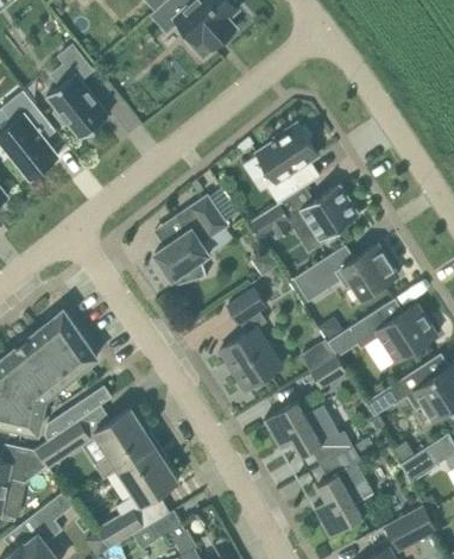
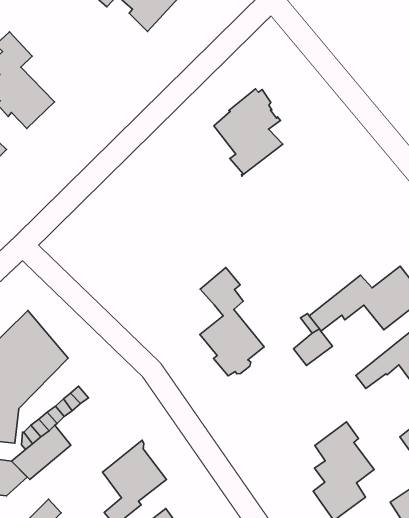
building: [248,184,359,243] -> none
building: [153,194,228,284] -> none
building: [292,244,398,301] -> none
building: [264,401,352,464] -> none
building: [94,408,158,478] -> none

